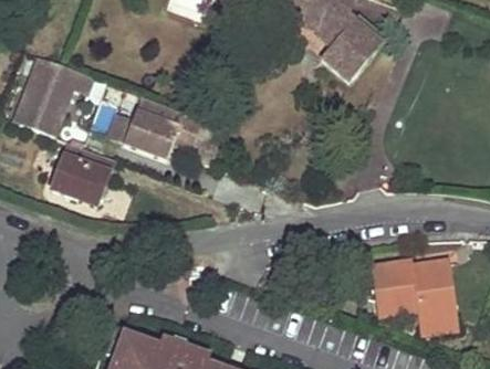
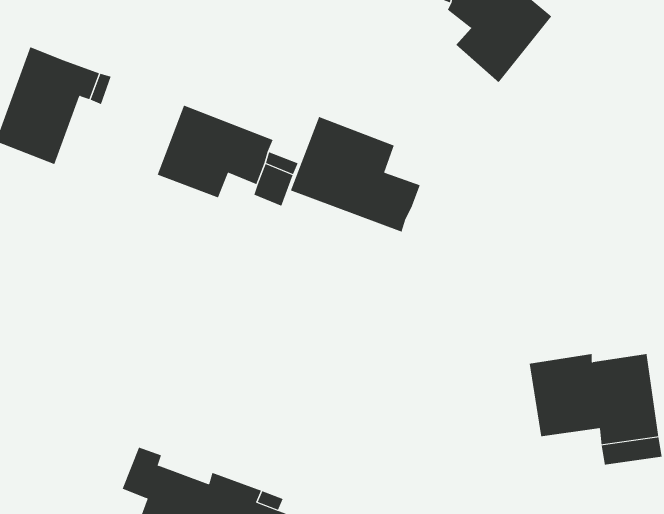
building: none -> [290,116,420,232]
building: [53,140,116,203] -> none

